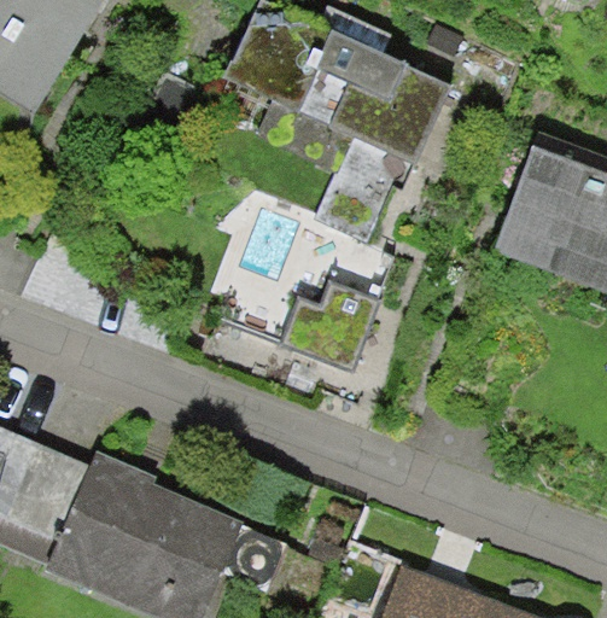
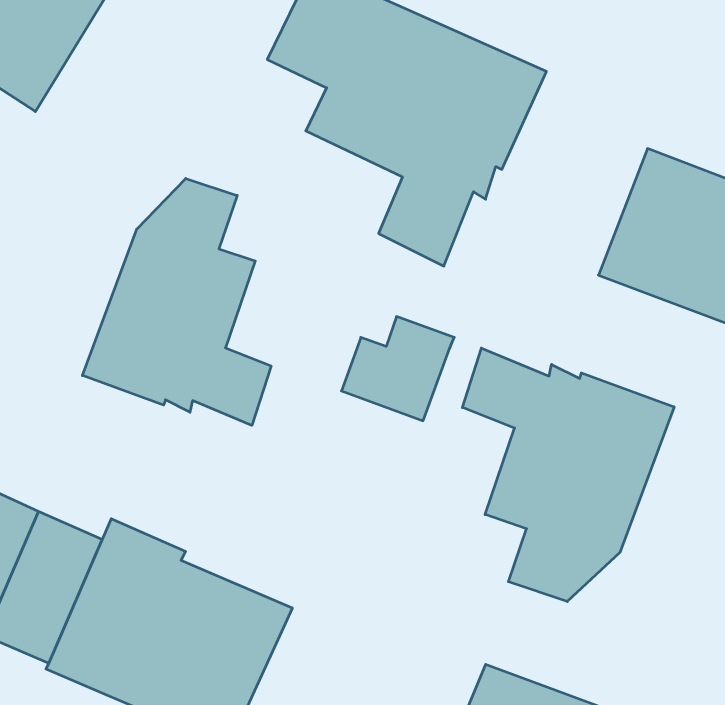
building: none -> [82,178,271,425]
building: none -> [462,348,674,602]

